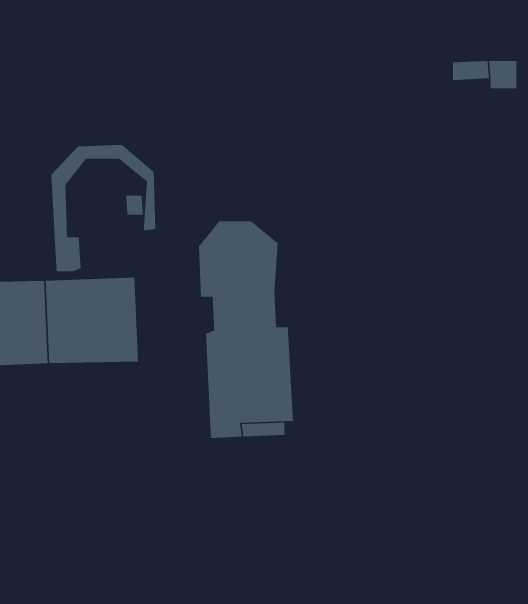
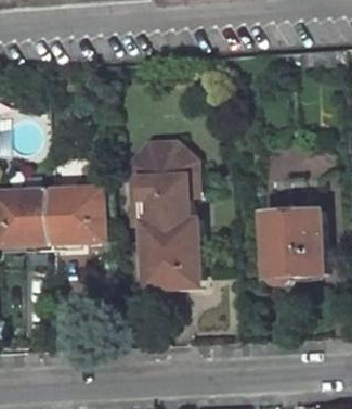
building: [51,144,156,272] -> [130,139,197,220]
building: none -> [256,212,334,286]

